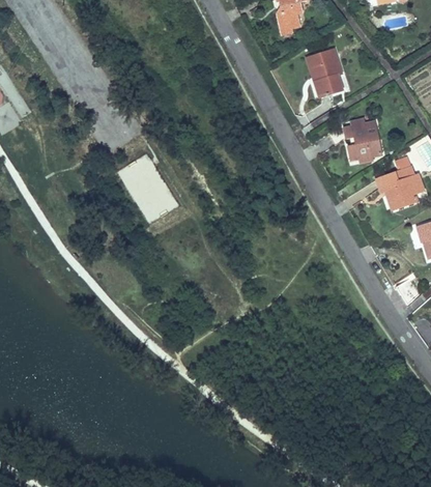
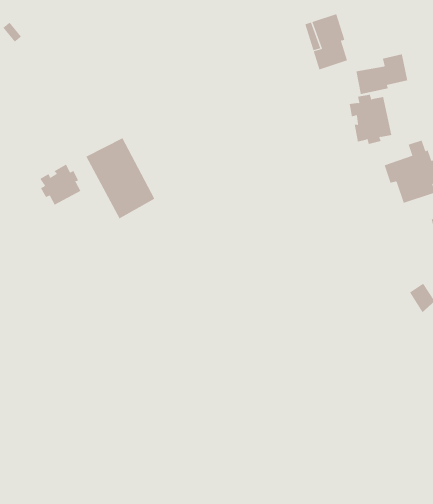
building: none -> [356,54,408,95]
building: none -> [40,164,81,206]

